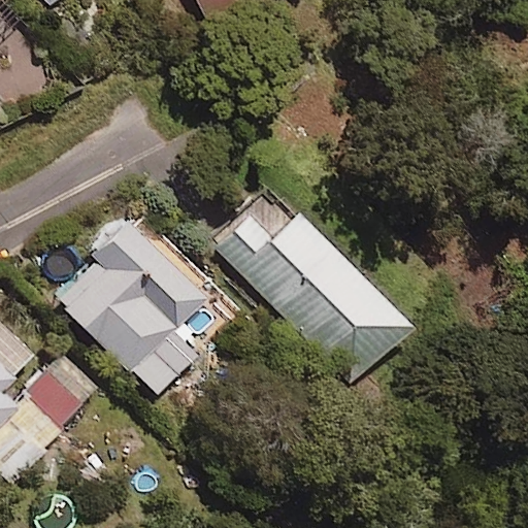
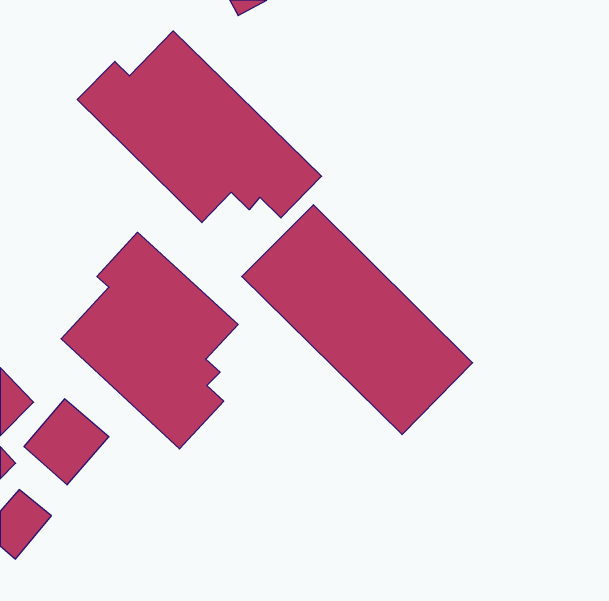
building: none -> [77,31,322,223]

